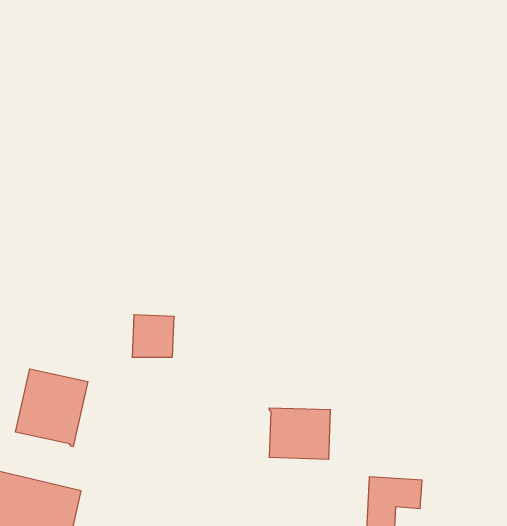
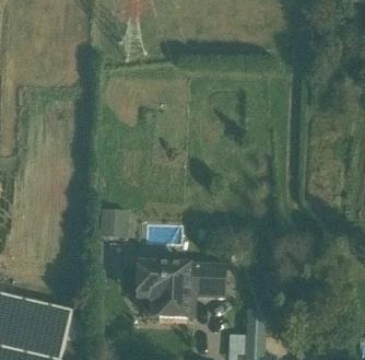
building: [16,369,88,447] -> none
building: none -> [138,264,189,318]

